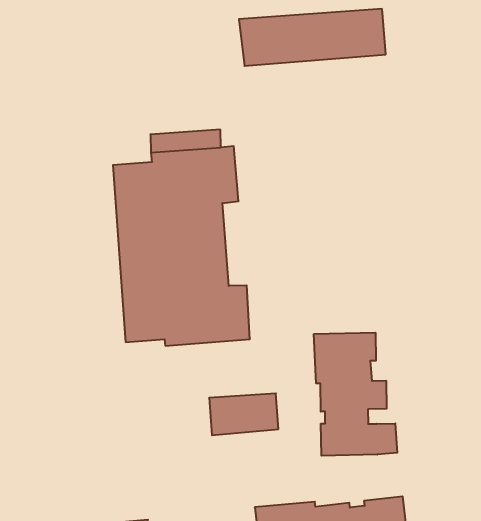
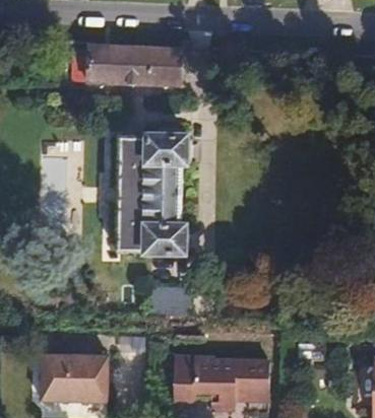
building: [239,9,386,66] -> [89,46,179,78]
building: [314,333,397,456] -> none

